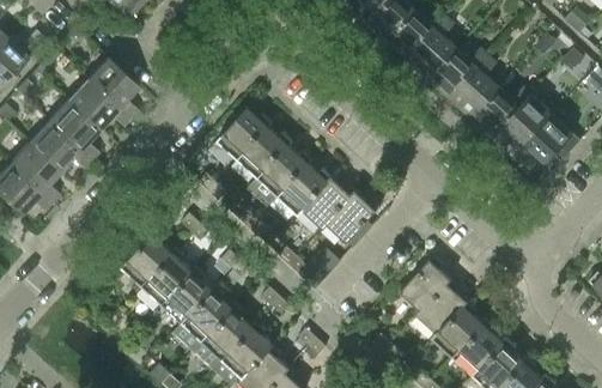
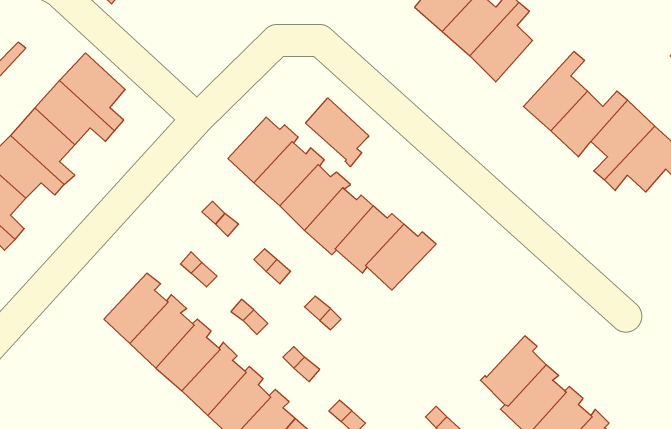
building: [427,48,488,99] -> none
building: none -> [306,98,369,167]
building: [400,255,450,311] -> none

